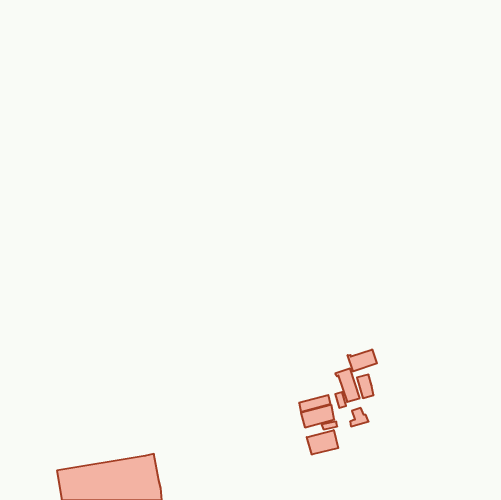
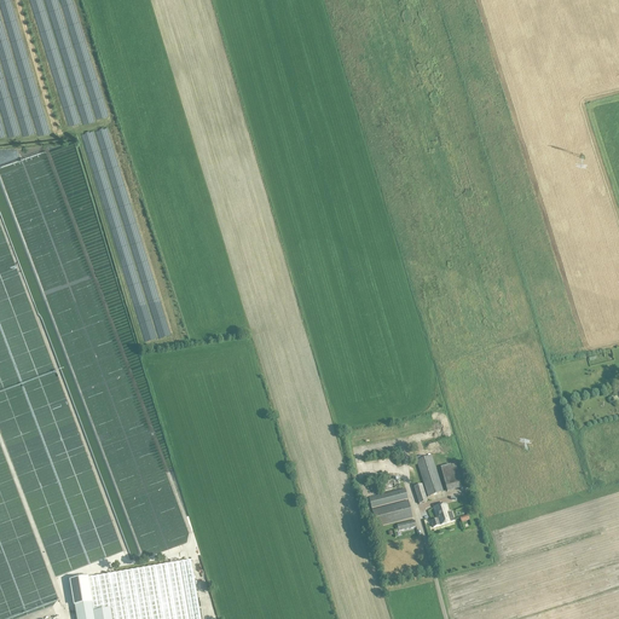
building: [348,349,377,371] -> none
building: [307,430,338,455] -> none

